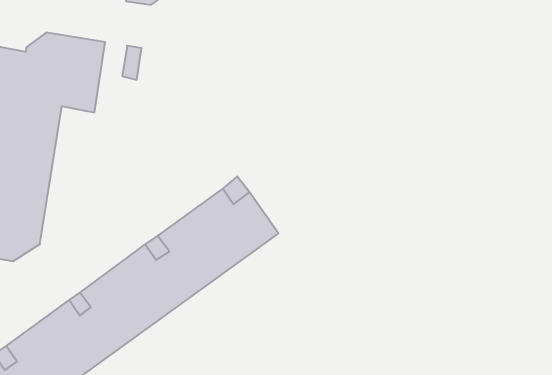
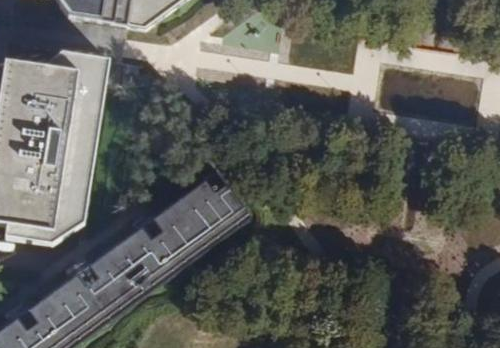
building: none -> [32,111,99,242]

